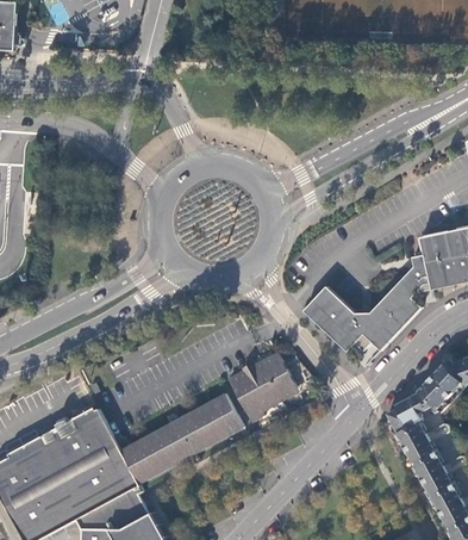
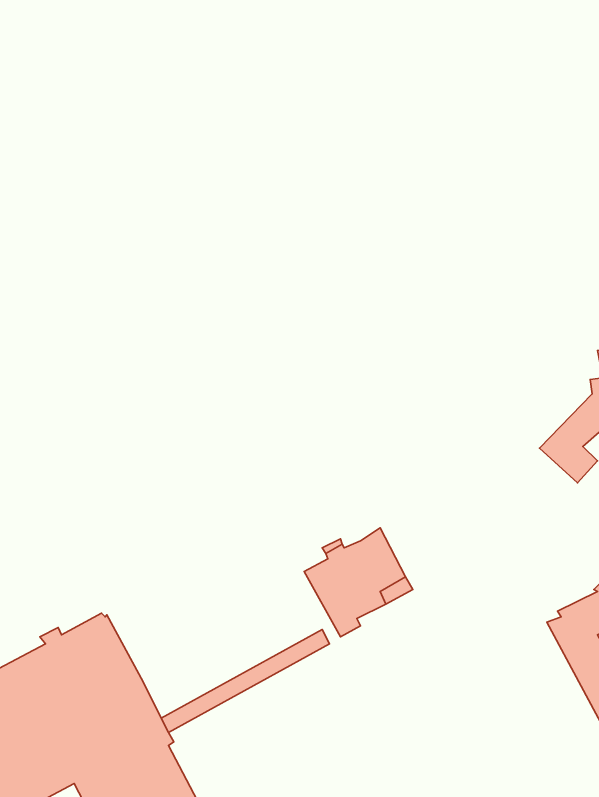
building: [304,285,406,349] -> none
building: [120,395,238,476] -> none

